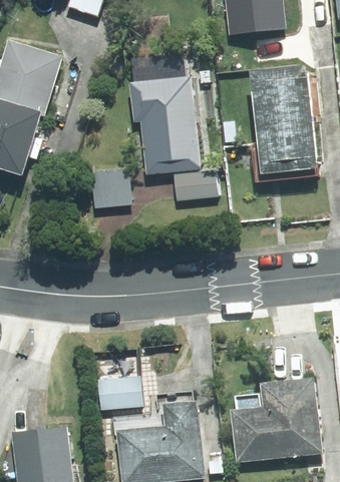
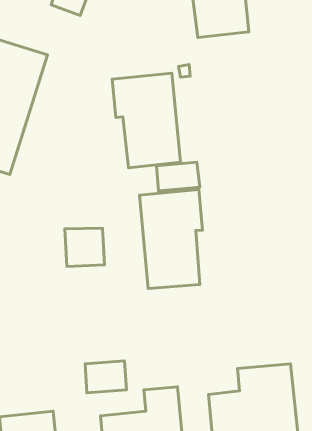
building: [252,64,319,173] -> none
building: [92,165,133,205] -> [65,228,104,267]
building: none -> [140,190,202,289]

